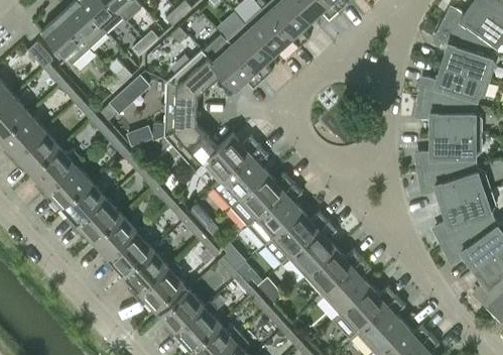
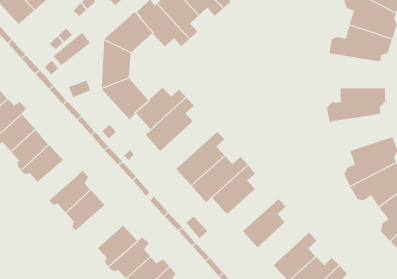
building: [415,97,482,135] -> none
building: [418,164,490,206] -> none
building: [230,172,293,226] -> none
building: [93,216,137,261] -> none
building: [304,248,362,295] -> none
building: [135,261,184,310] -> none
building: [333,285,396,339] -> none

